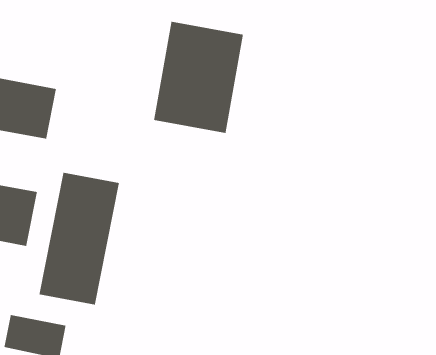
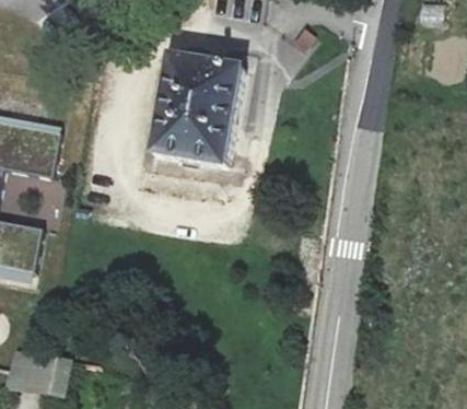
building: [39,172,120,306] -> none

